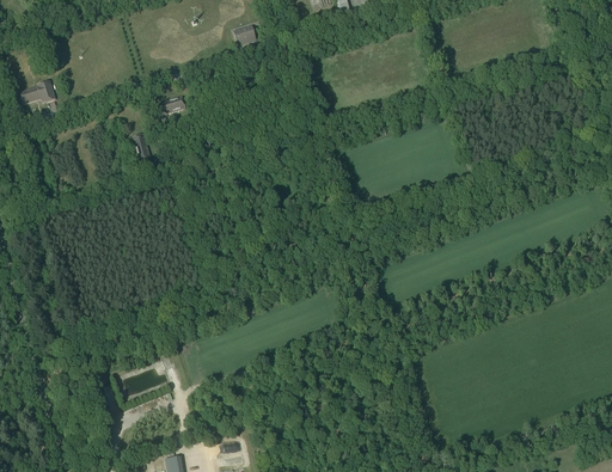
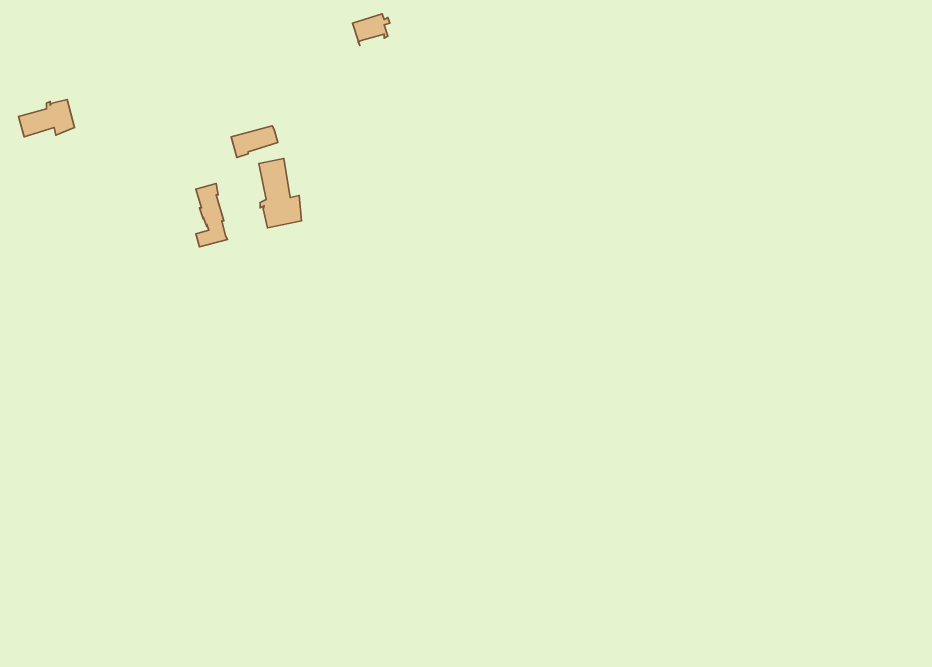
building: none -> [259,159,301,228]

